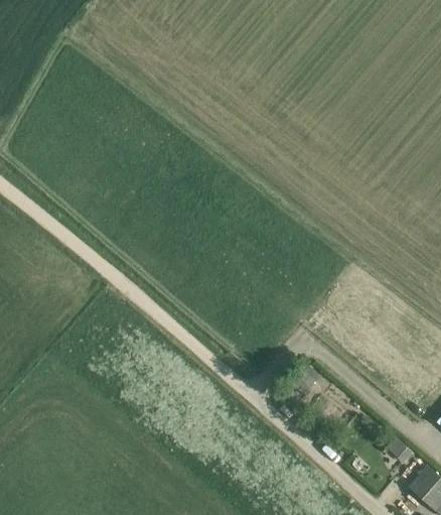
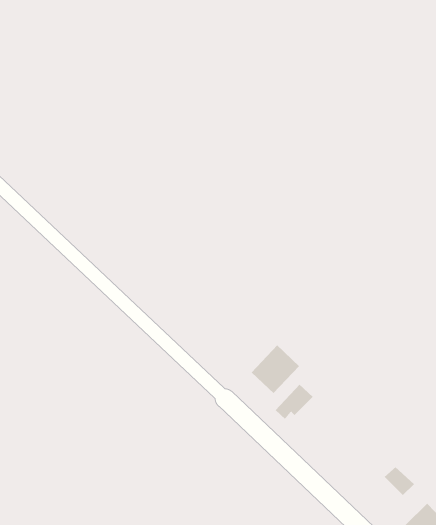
building: none -> [251,345,300,394]

